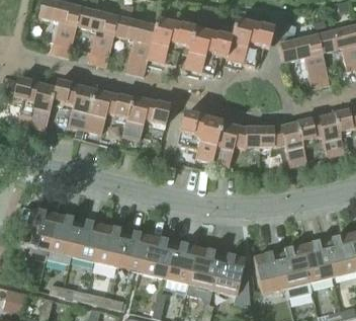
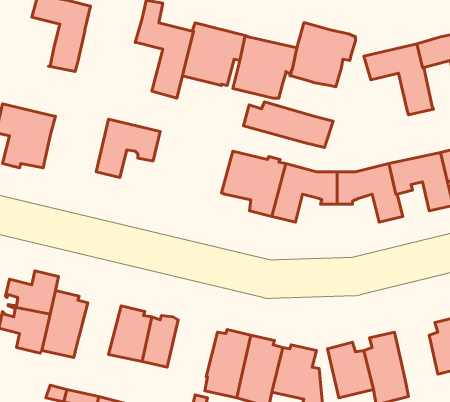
building: [77,7,118,64] -> none
building: none -> [244,102,333,148]
building: [52,80,94,128] -> none
building: [122,95,170,138] -> none
building: [71,221,103,260] -> none
building: [137,235,173,276] -> none
building: [301,240,333,279] -> none

